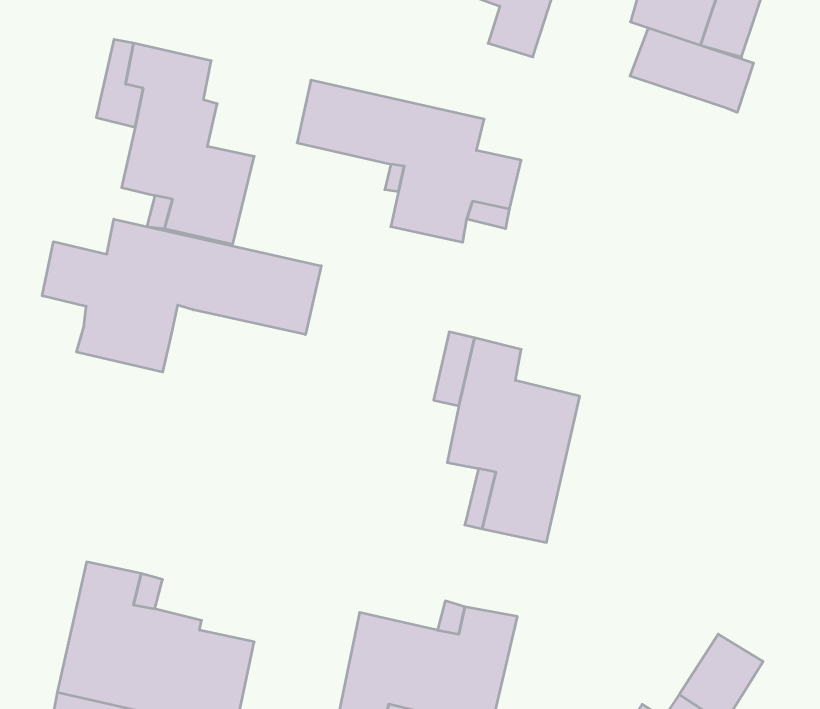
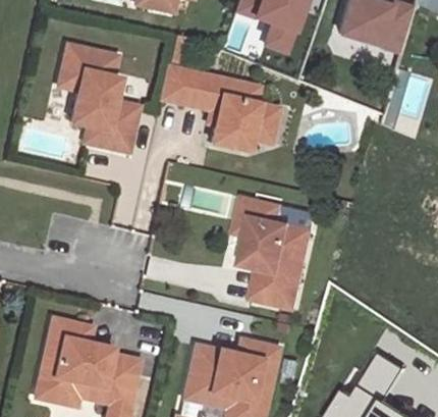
building: [630,28,754,112] -> none
building: [42,219,321,372] -> none

